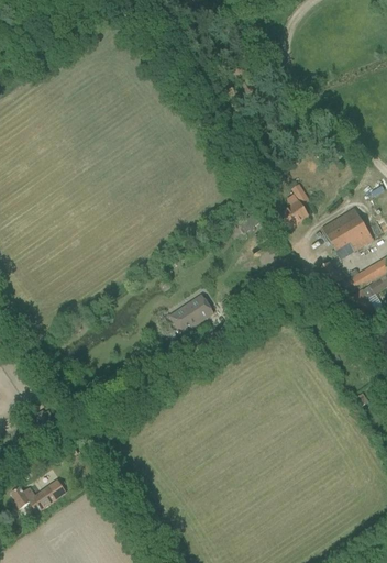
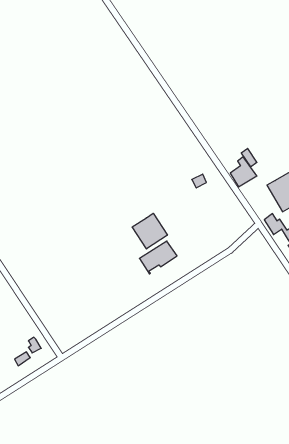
building: none -> [132,213,167,249]
building: [11,479,66,510] -> none

